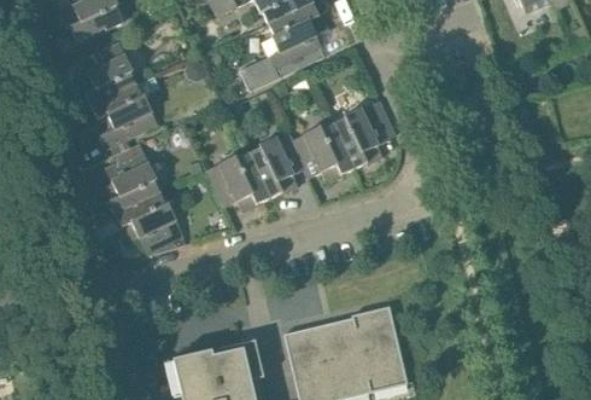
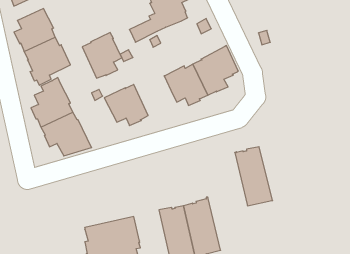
building: [247,132,304,197] -> [82,33,122,78]
building: [353,306,408,390] -> [235,147,273,206]

